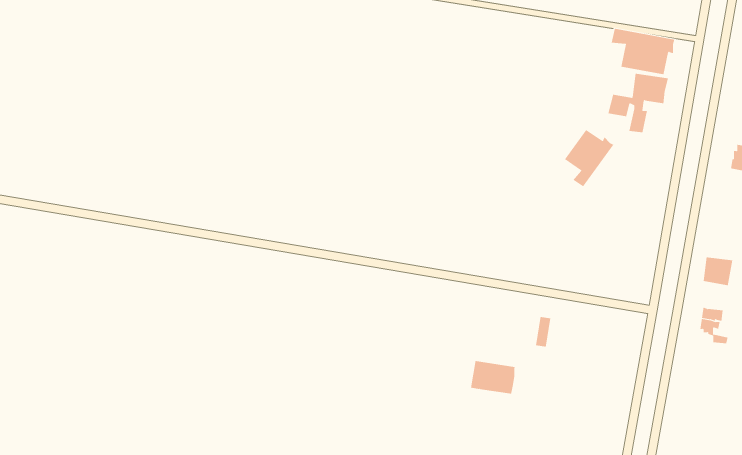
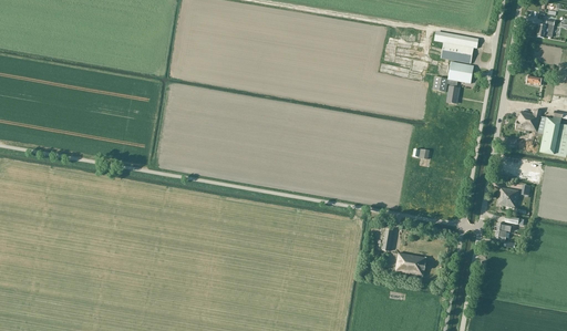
building: [564,129,614,187] -> none
building: [470,360,517,394] -> [394,252,426,276]

